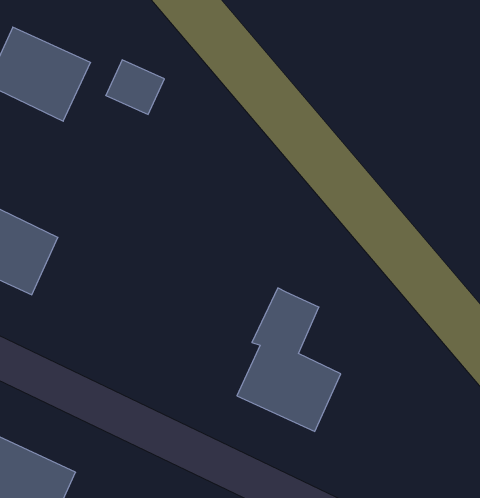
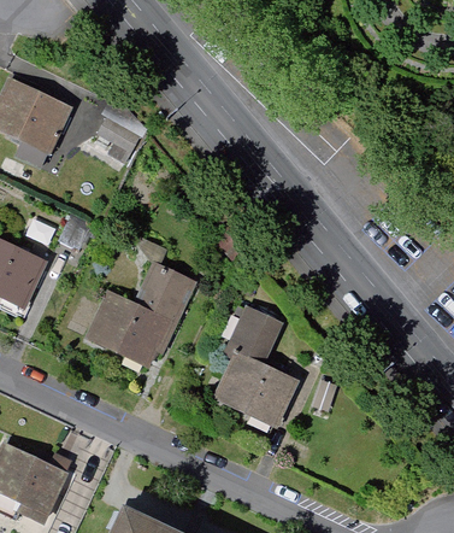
building: none -> [81,264,190,371]

